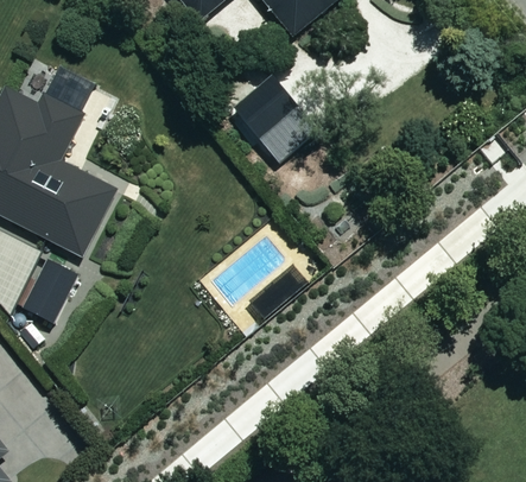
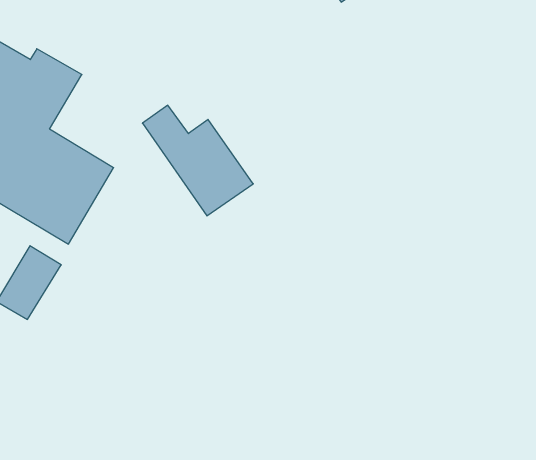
building: [217,68,313,158] -> [142,105,253,216]

